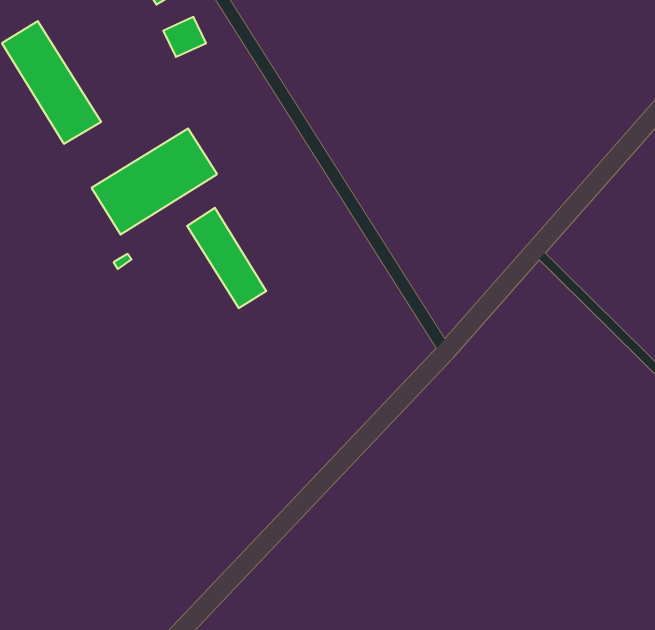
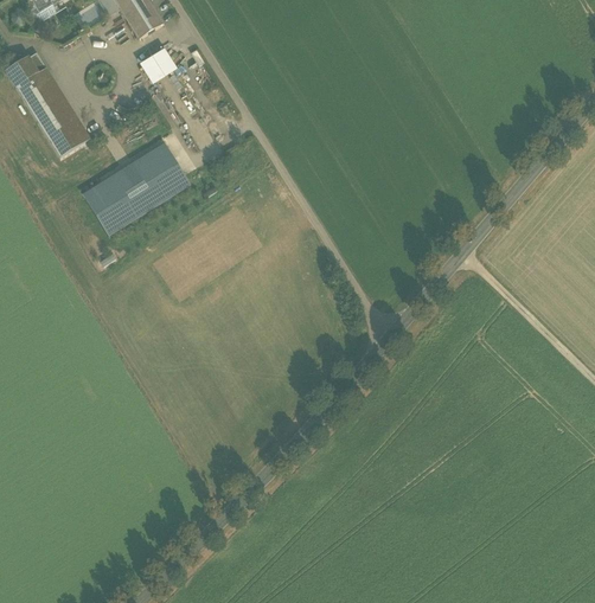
building: [187,208,266,308] -> none

